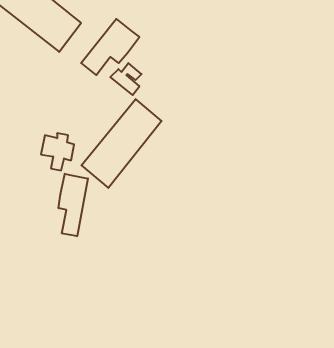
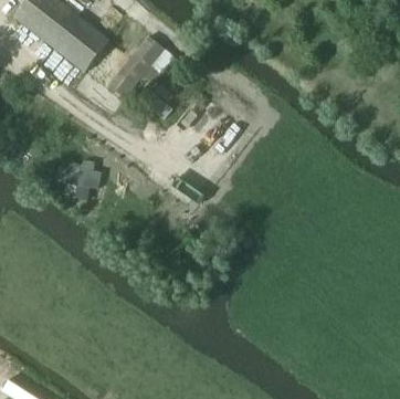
building: [81,99,162,188] -> none
building: [59,174,88,236] -> none

